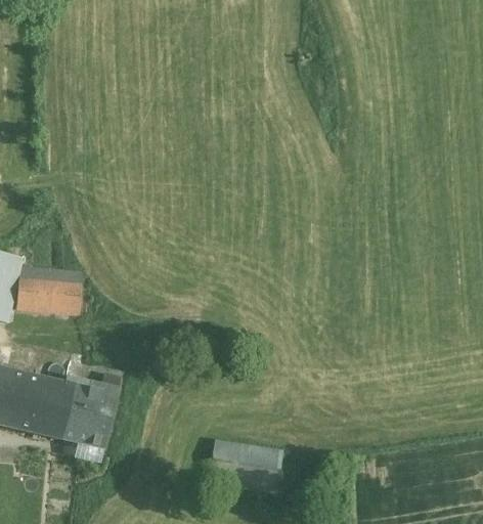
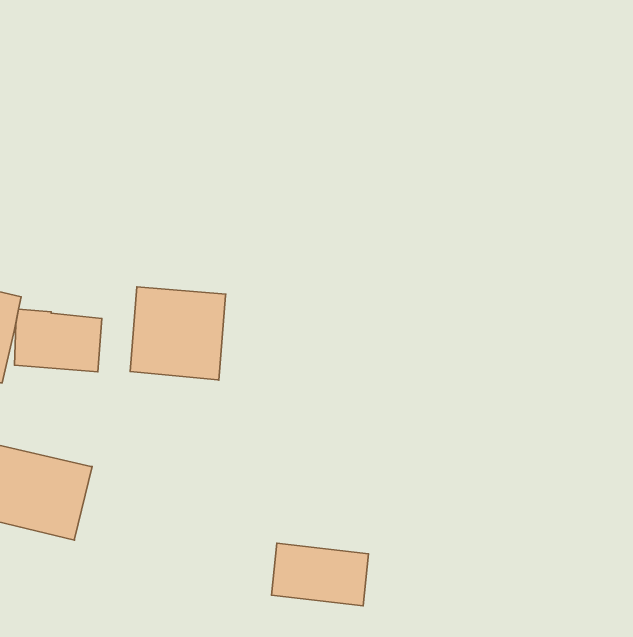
building: none -> [130,287,226,380]
building: [62,377,119,461] -> none

